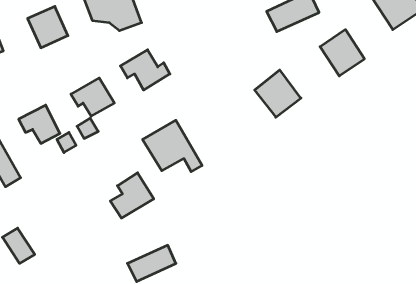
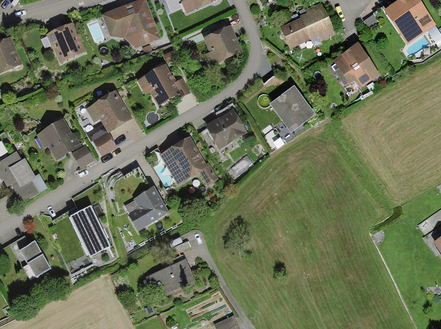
building: none -> [203,25,238,62]
building: none -> [206,103,246,145]
building: none -> [67,208,107,257]

